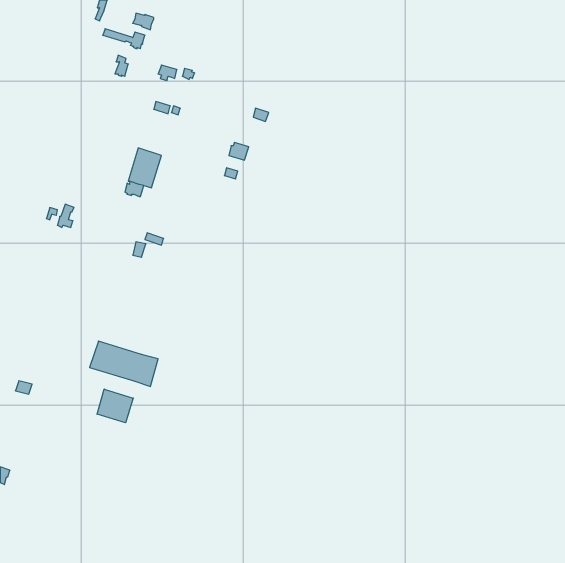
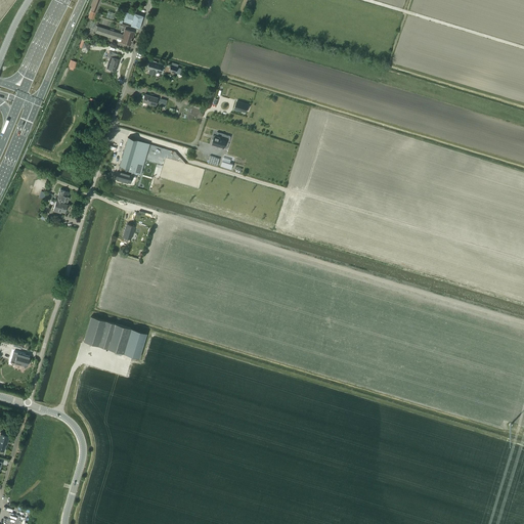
building: [97,389,133,423] -> none

